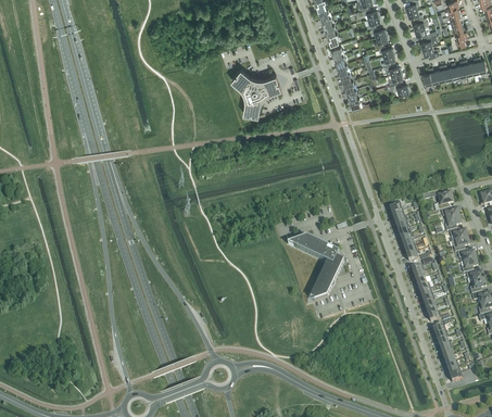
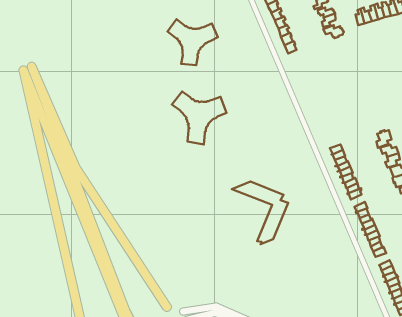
building: none -> [172,92,227,145]

